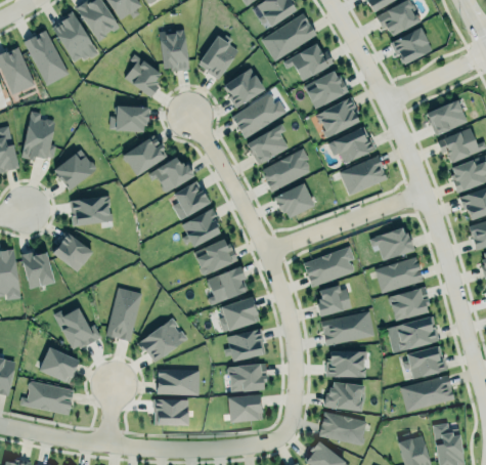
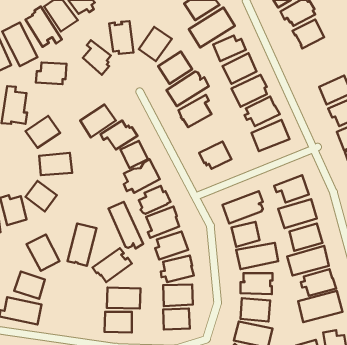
building: [111,104,149,132] -> [36,62,66,84]
building: [264,147,311,192] -> none
building: none -> [108,202,143,248]

